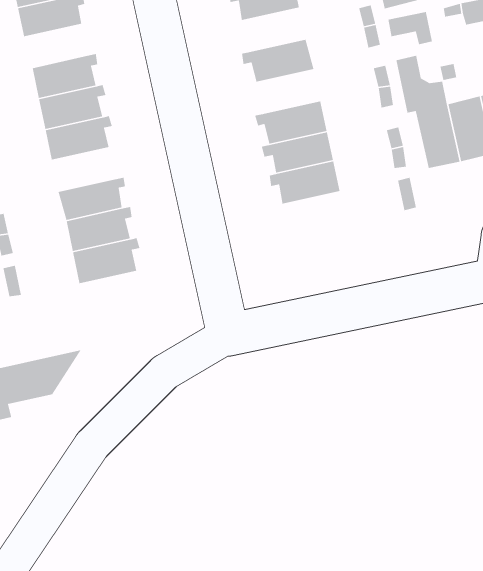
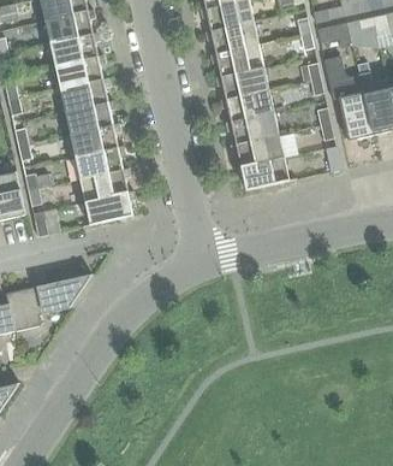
building: none -> [204,20,257,53]
building: none -> [48,31,99,65]
building: none -> [214,66,268,99]
building: none -> [69,123,119,157]
building: none -> [234,157,288,190]

